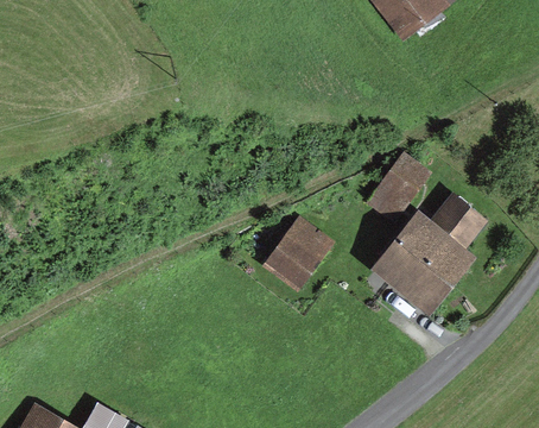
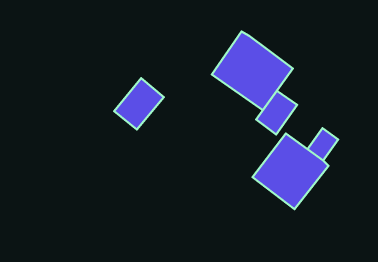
building: none -> [212,32,293,110]
building: [264,218,331,288] -> [114,78,164,130]

